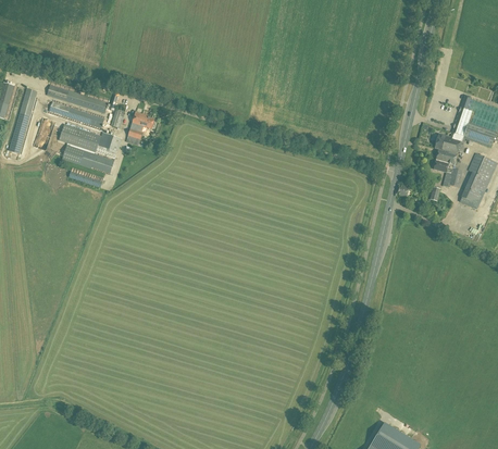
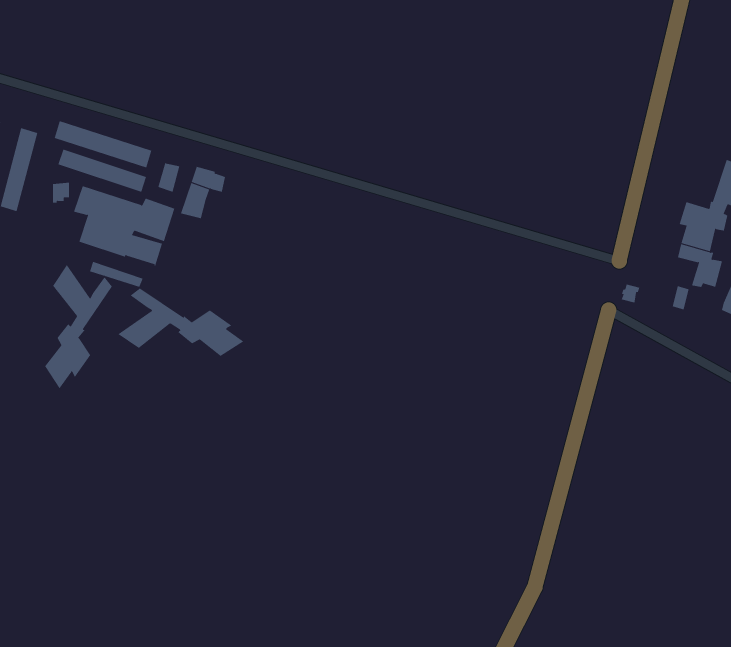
building: none -> [44,264,113,389]
building: none -> [117,287,244,357]

